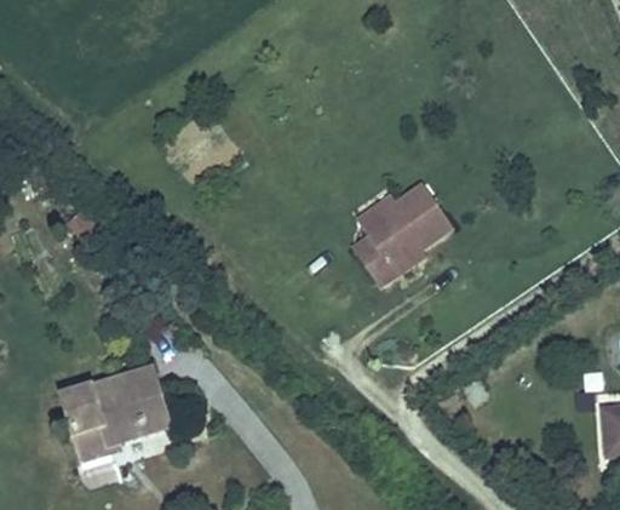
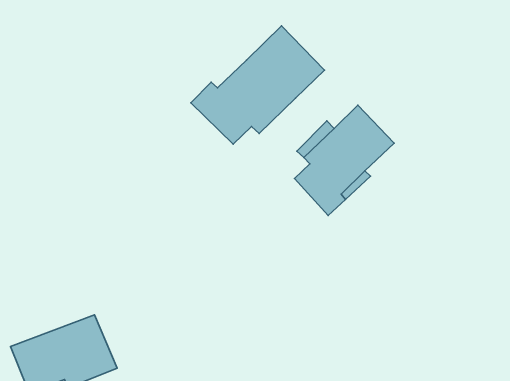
building: none -> [191,26,325,144]

